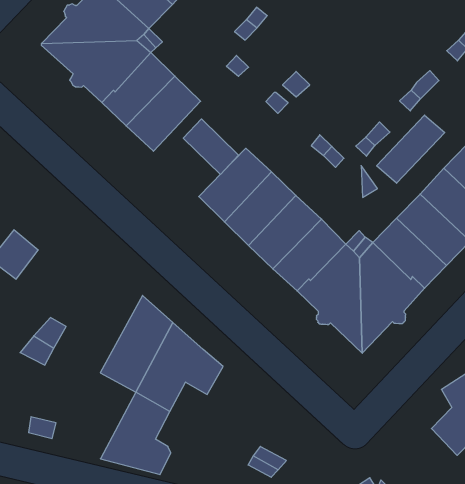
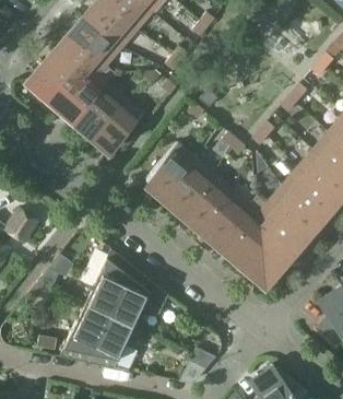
building: [377,115,445,183] -> none
building: [183,119,239,174] -> none
building: none -> [59,303,109,362]

